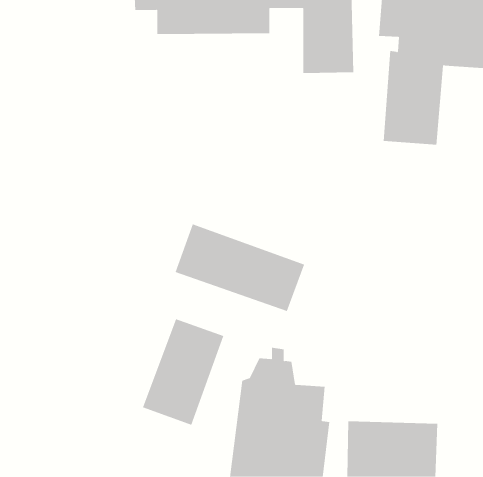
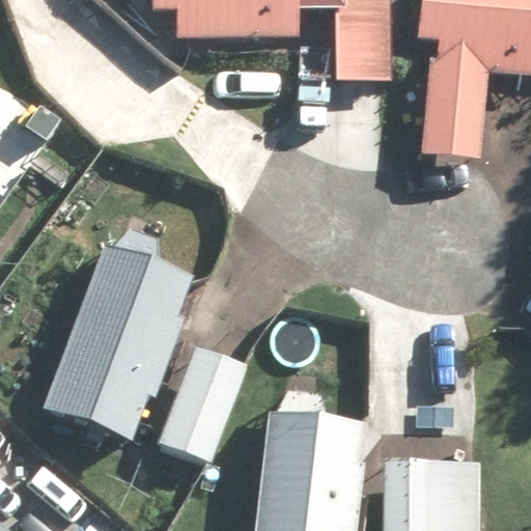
building: none -> [43,229,191,444]
building: [175,223,305,312] -> none

